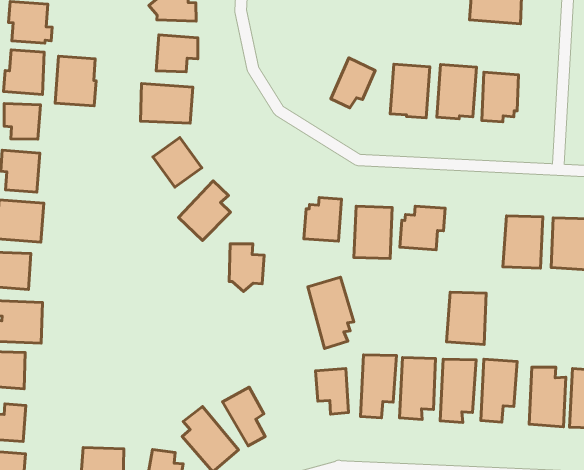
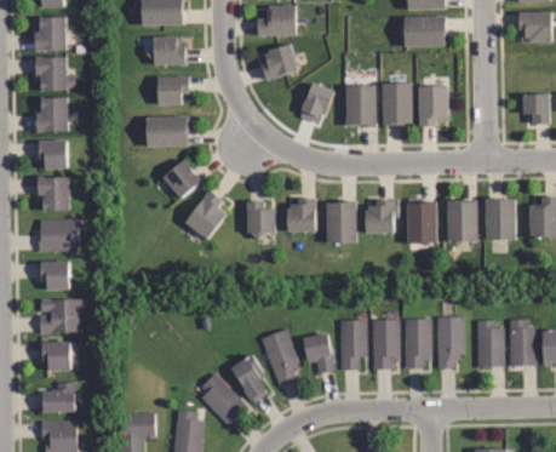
building: none -> [264,44,298,79]
building: [55,56,96,106] -> none
building: [229,244,264,291] -> [246,200,274,239]
building: [308,277,354,348] -> [260,327,299,385]
building: [447,292,486,344] -> [407,201,437,242]

